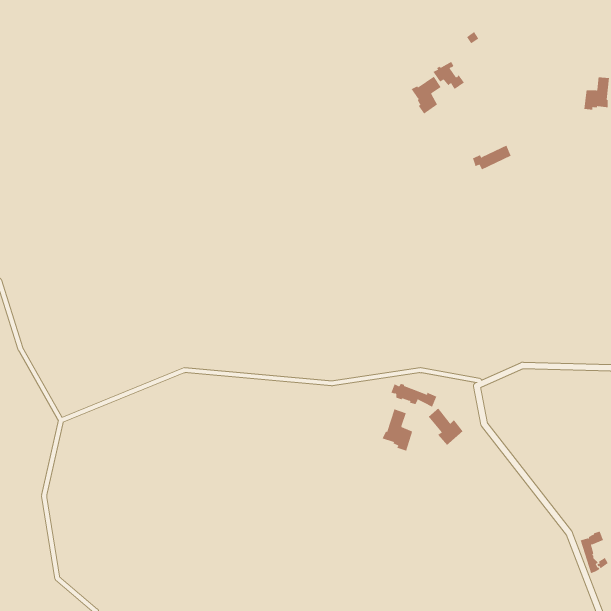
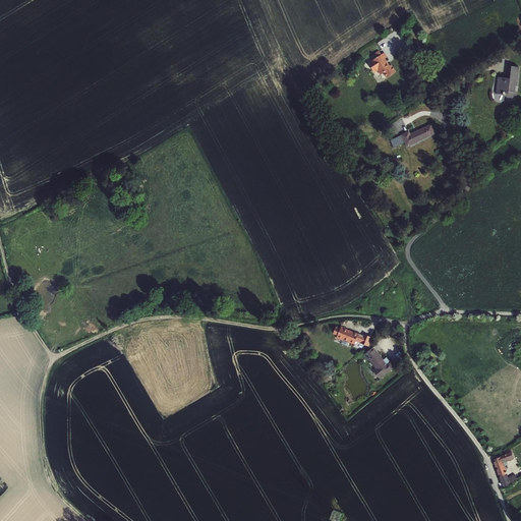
building: [411,76,442,115] -> none
building: [382,409,413,451] -> none

